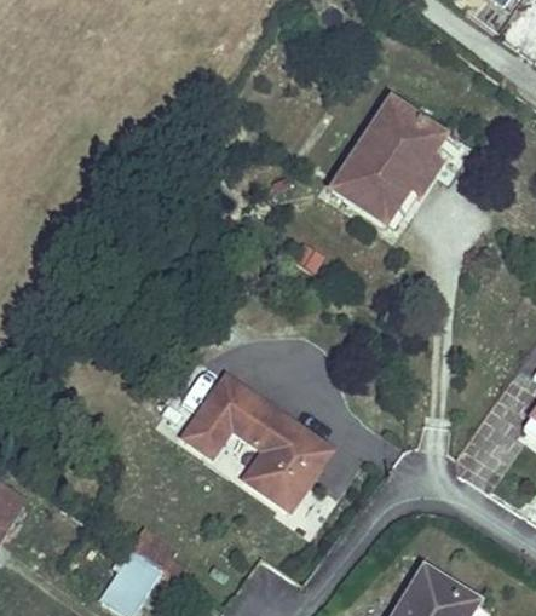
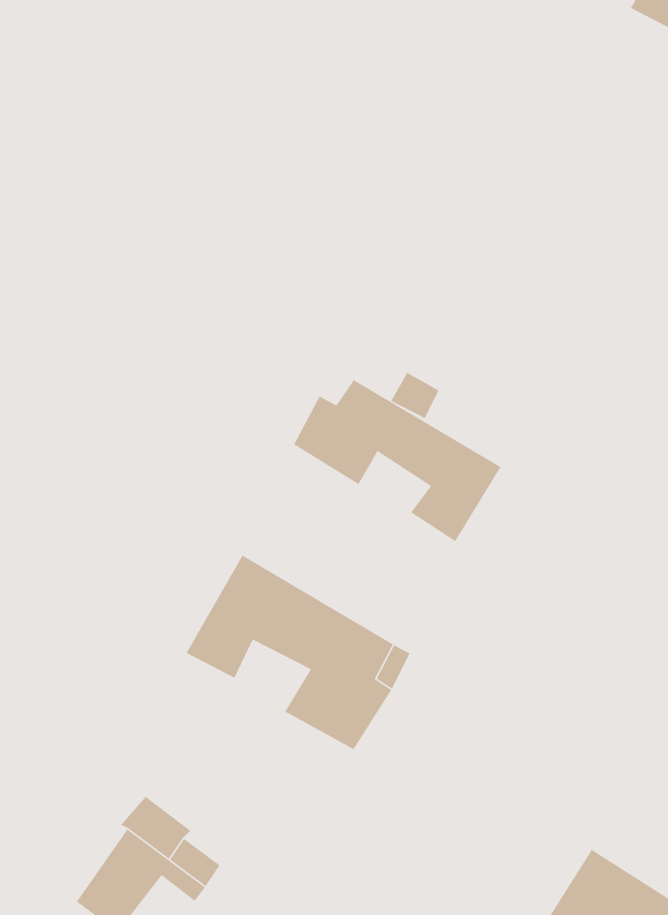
building: [334,94,444,223] -> none
building: none -> [293,379,502,542]

